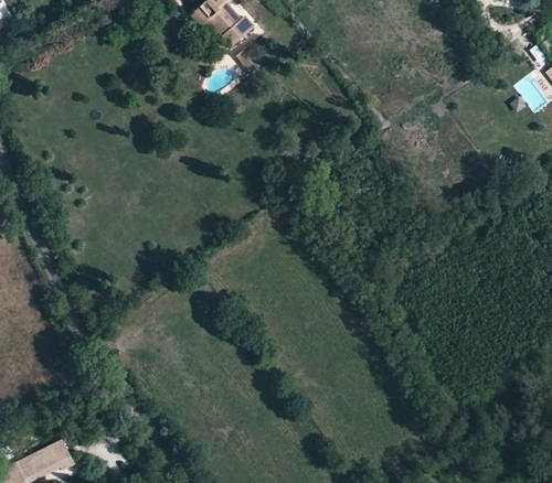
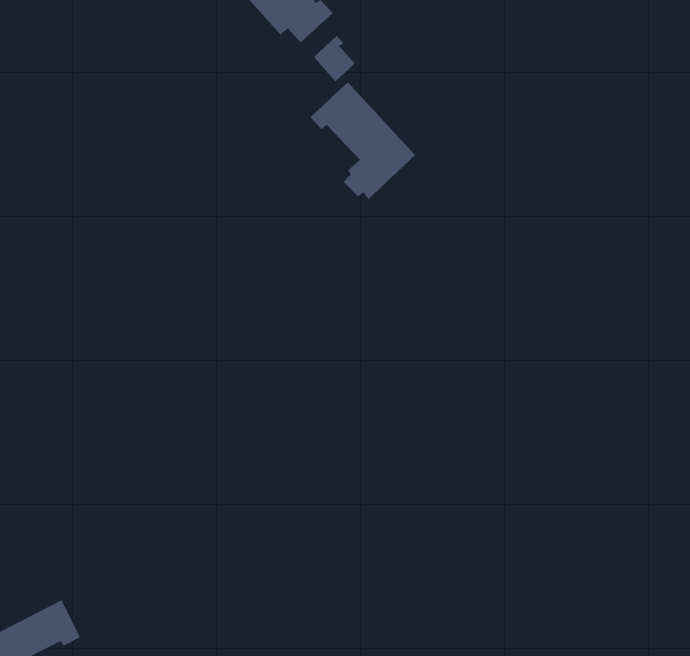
building: none -> [310,81,416,200]

